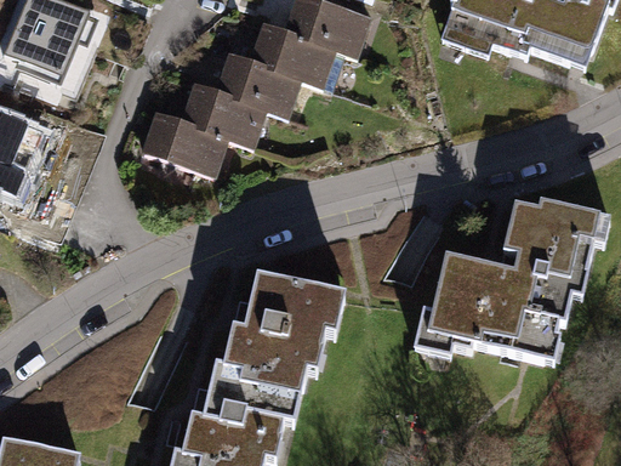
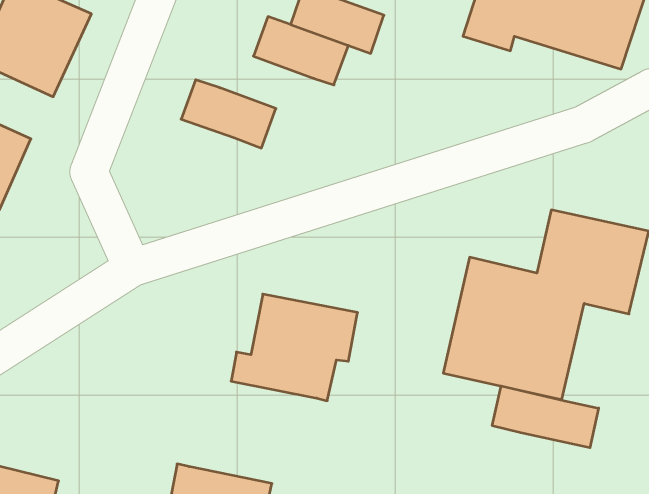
building: [216,51,303,113] -> none
building: [142,106,229,169] -> none
building: [188,356,306,454] -> none
building: none -> [492,386,599,448]

